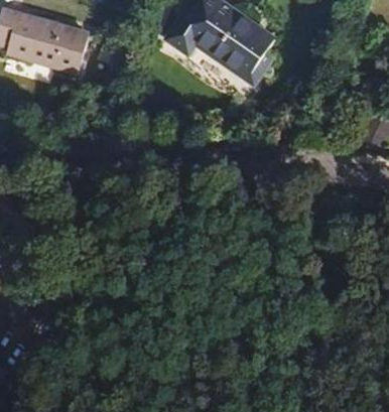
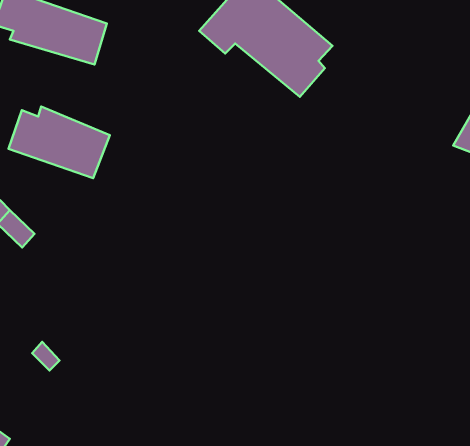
building: none -> [8,107,110,178]

